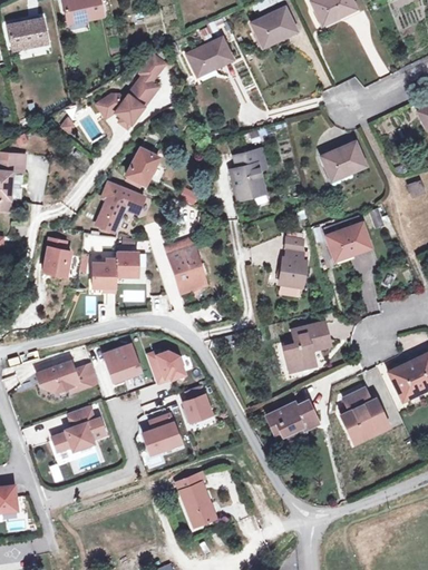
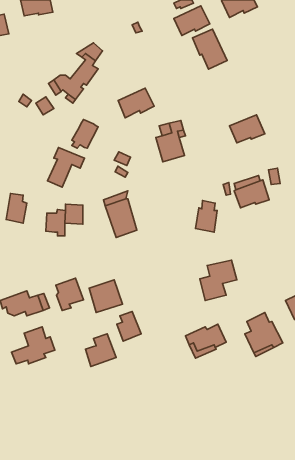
building: none -> [192,29,227,69]
building: [187,38,232,75] -> [118,88,154,118]
building: [177,474,215,527] -> none

